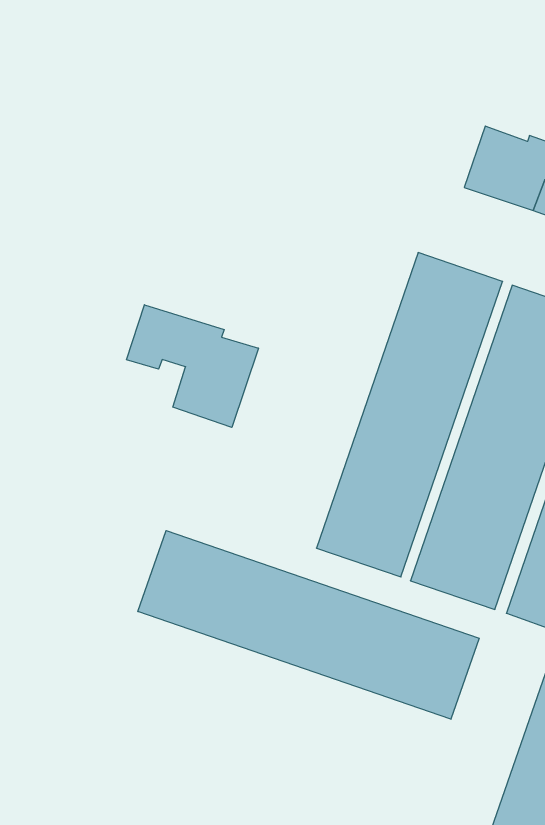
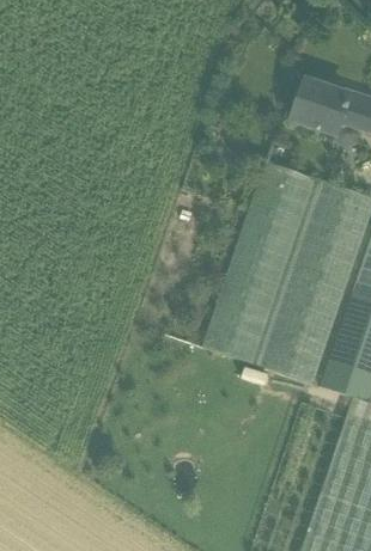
building: [127,305,258,427] -> none
building: [138,531,479,719] -> none

